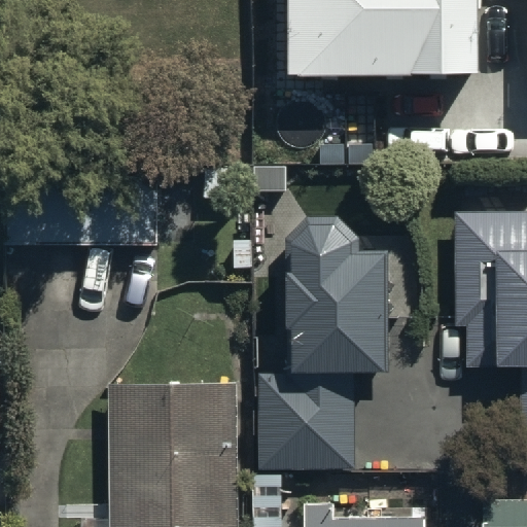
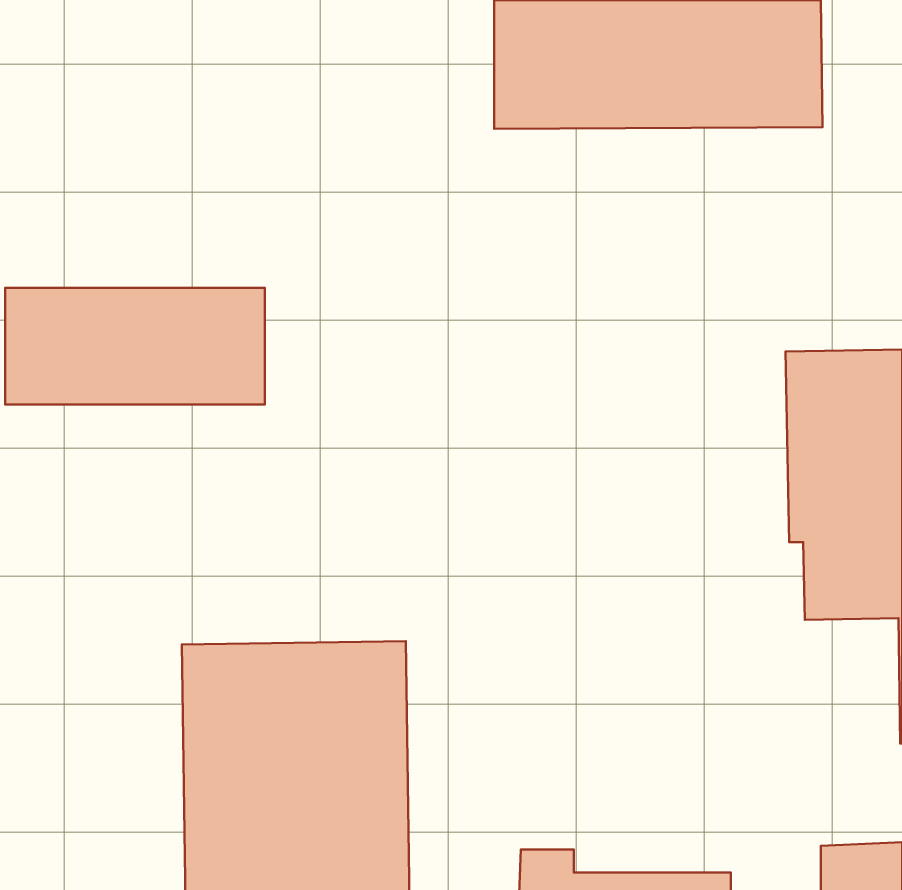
building: [261,218,385,467] -> none

